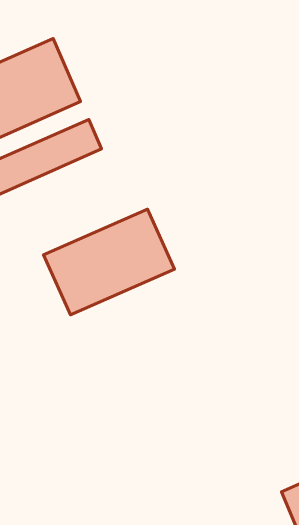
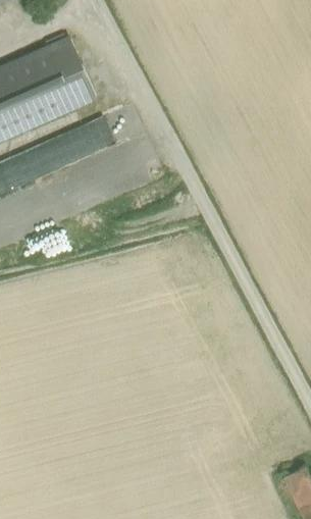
building: [44,209,174,315] -> none

